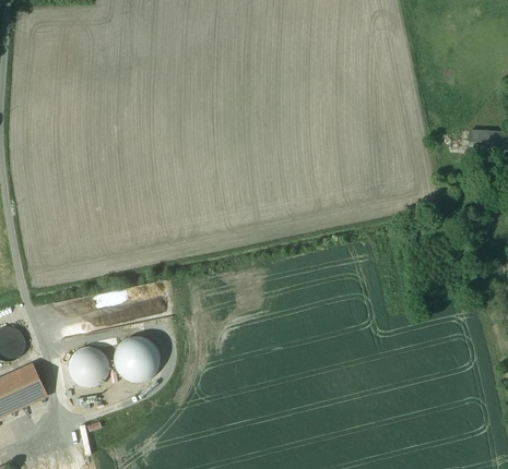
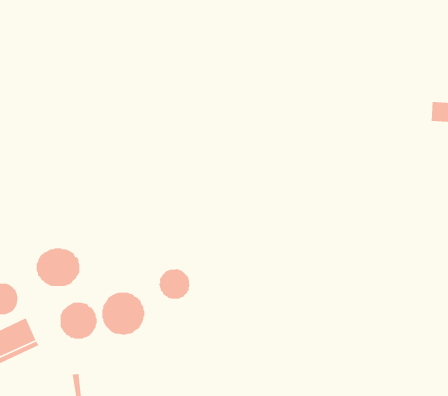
building: none -> [36,248,80,287]
building: none -> [158,268,191,300]

